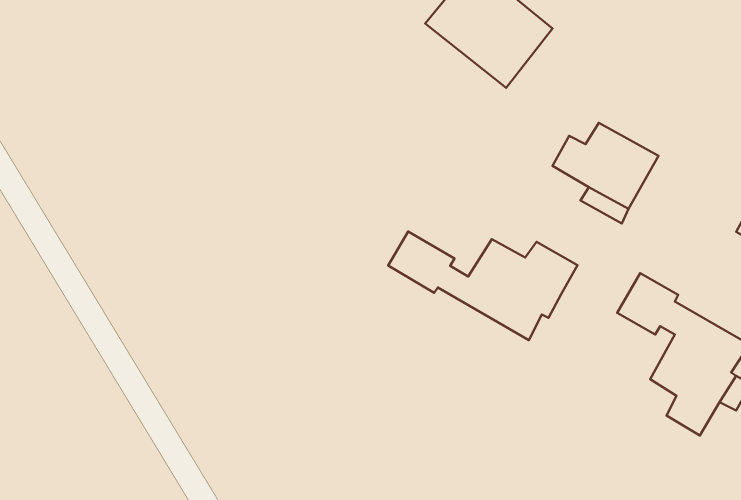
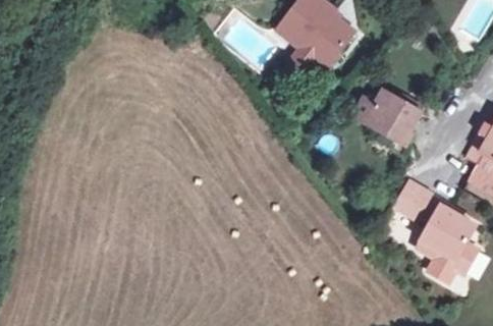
building: [388,232,578,340] -> none

